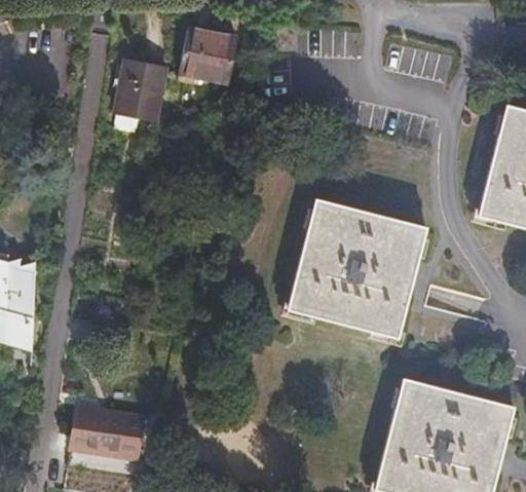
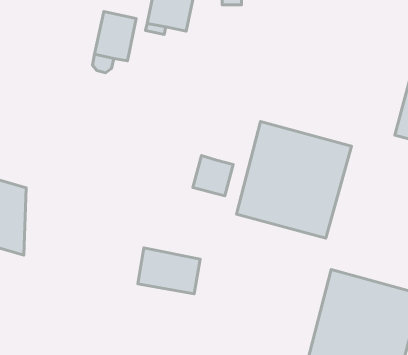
building: none -> [193,156,233,196]
building: [73,407,148,462] -> [138,248,200,294]

